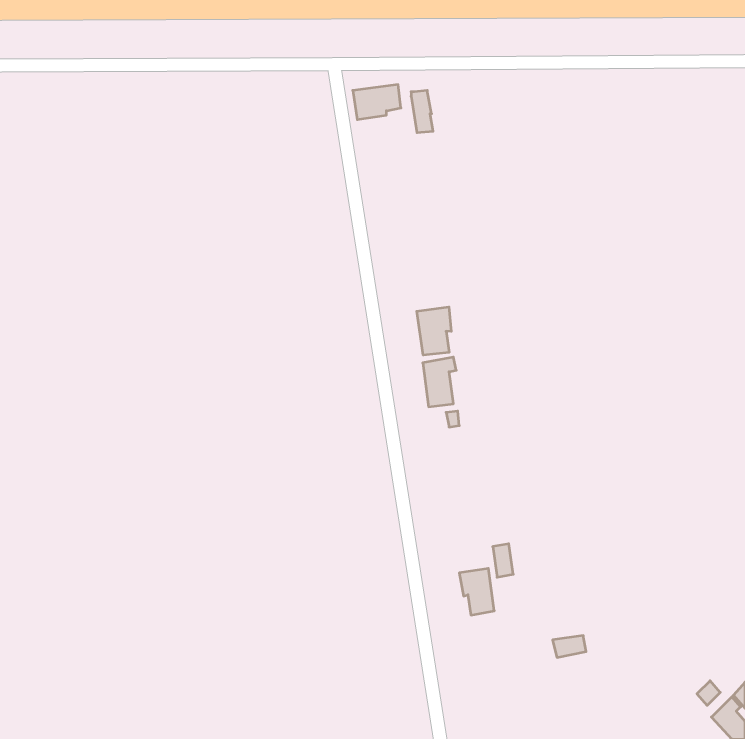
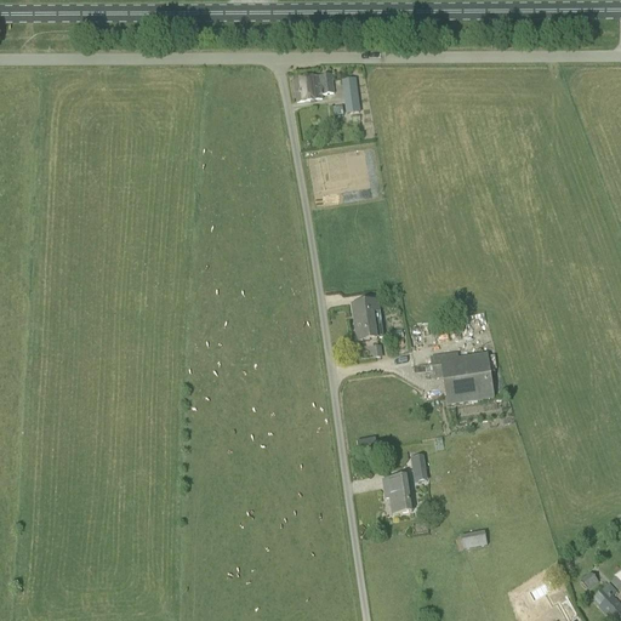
building: [417,307,451,355] -> none
building: none -> [431,351,494,401]

